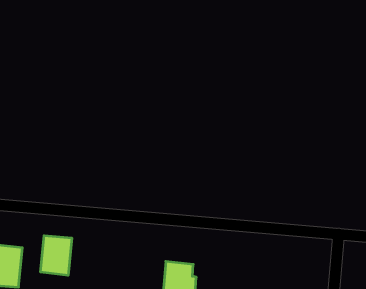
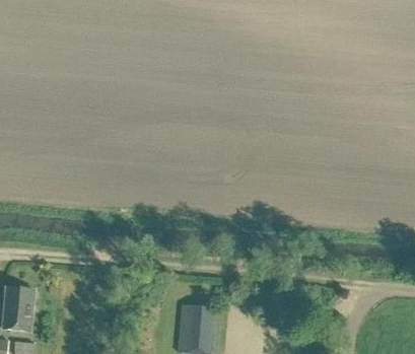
building: [41,236,72,275] -> none

